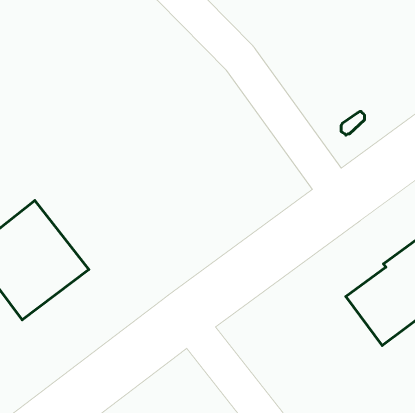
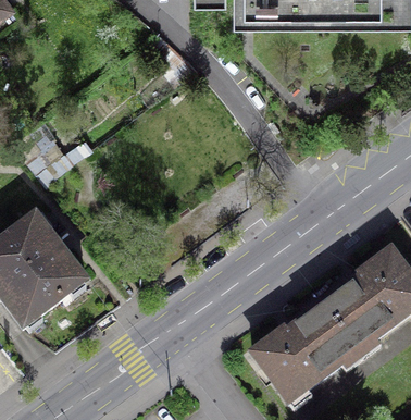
building: none -> [254,305,360,402]

